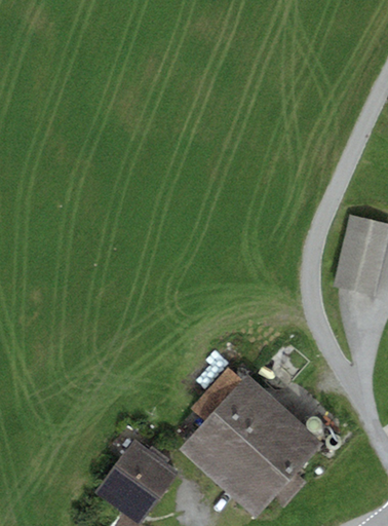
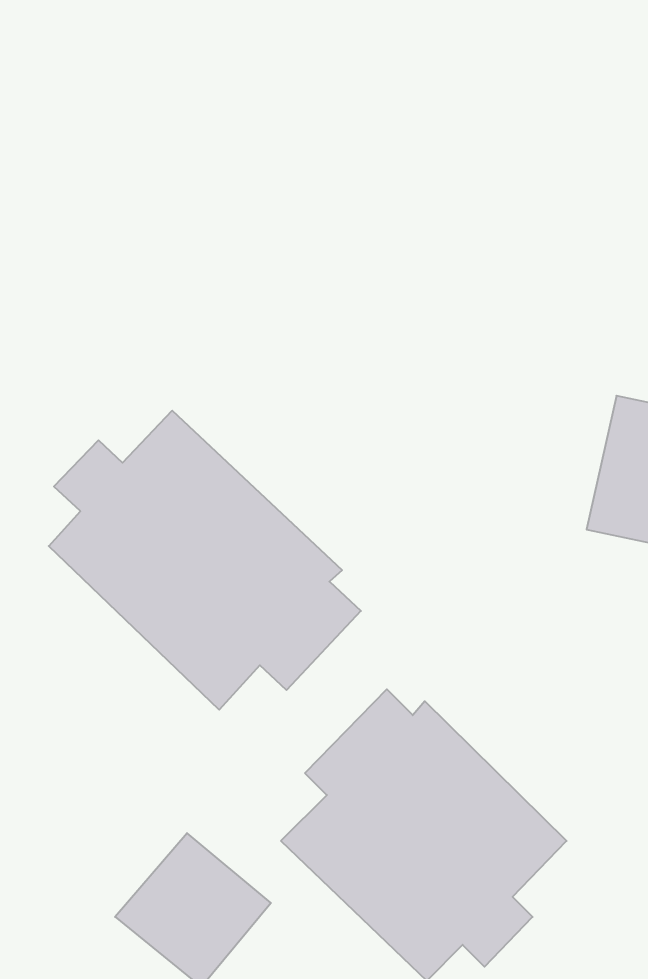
building: none -> [49,411,361,710]

